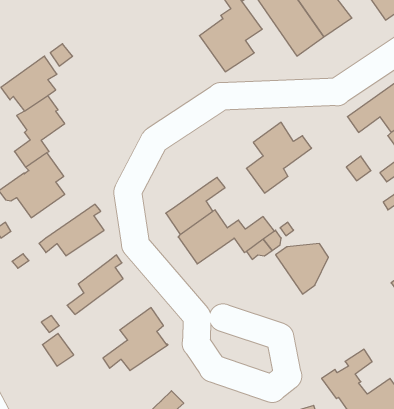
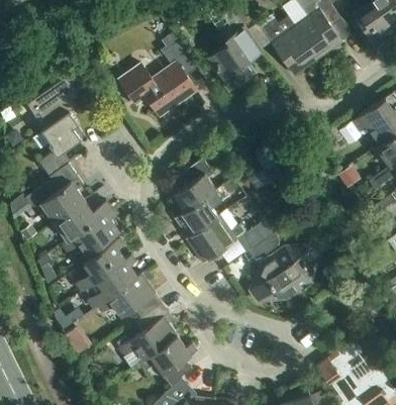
building: none -> [119,41,198,116]
building: none -> [171,159,216,214]
building: none -> [55,201,112,240]
building: none -> [76,239,125,293]
building: none -> [252,256,299,301]
building: none -> [98,270,163,318]
building: none -> [139,336,197,387]

